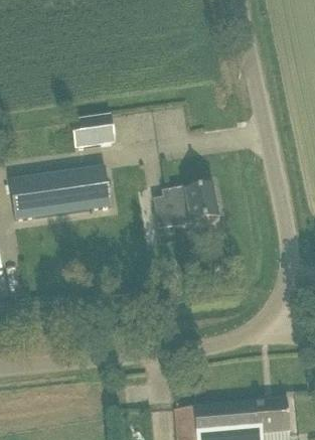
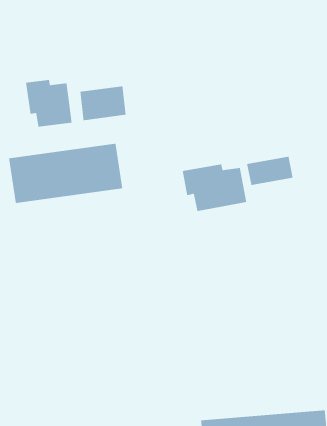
building: none -> [25,79,73,127]
building: none -> [246,156,294,186]

